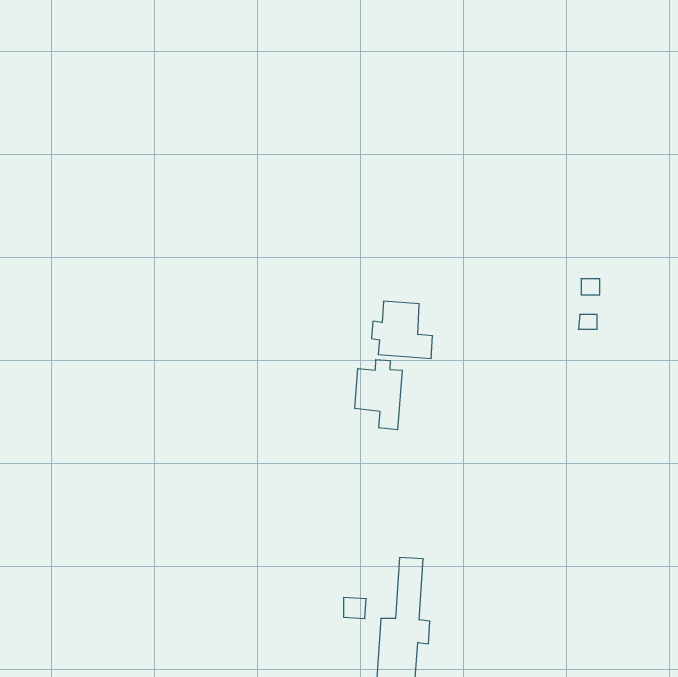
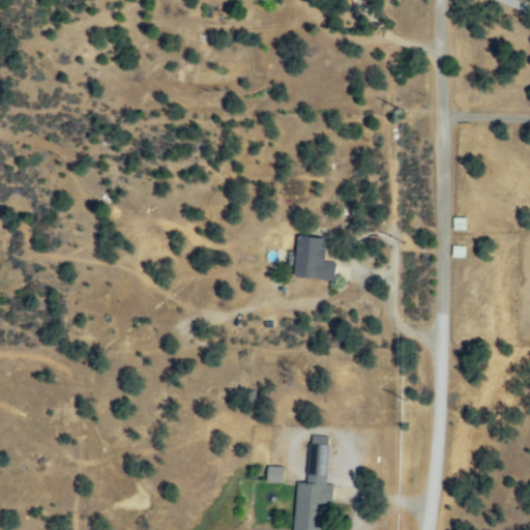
building: [355,360,402,430] -> none

